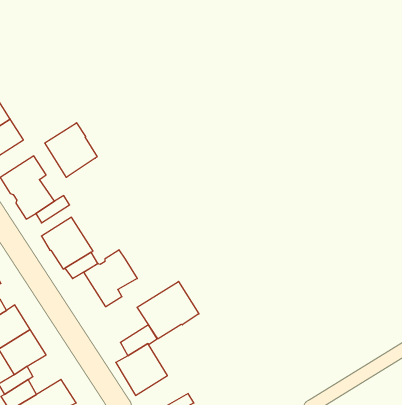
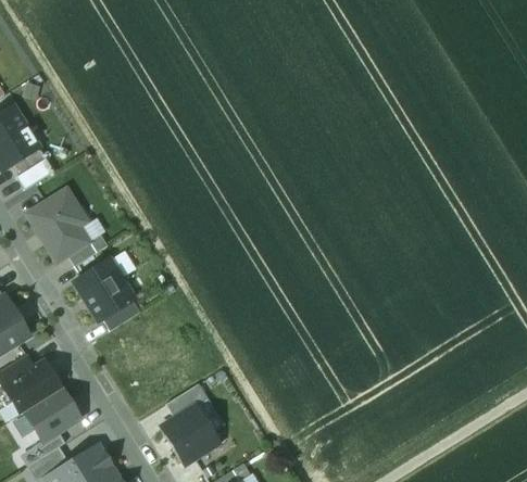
building: [45,123,97,177] -> none
building: [84,250,137,307] -> none
building: [137,281,199,339] -> none

